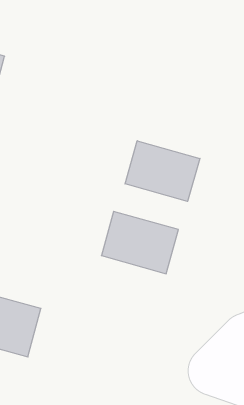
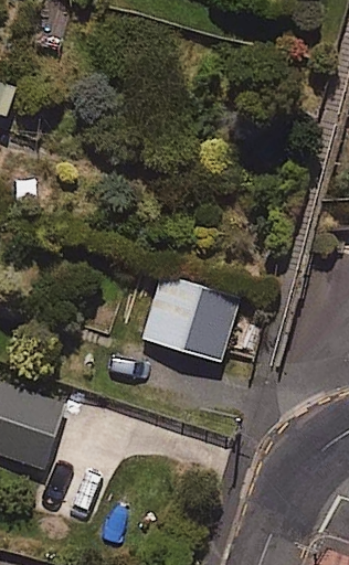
building: [125,141,200,201] -> none

